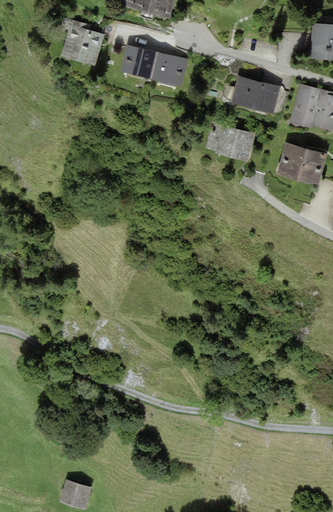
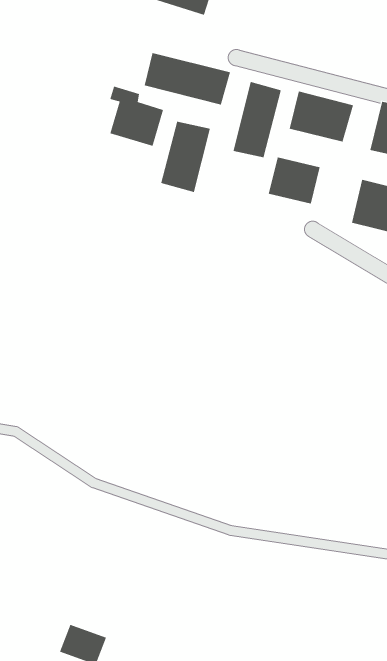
building: [63,18,104,64] -> [110,86,164,147]
building: none -> [233,81,282,158]
building: none -> [160,121,210,193]

